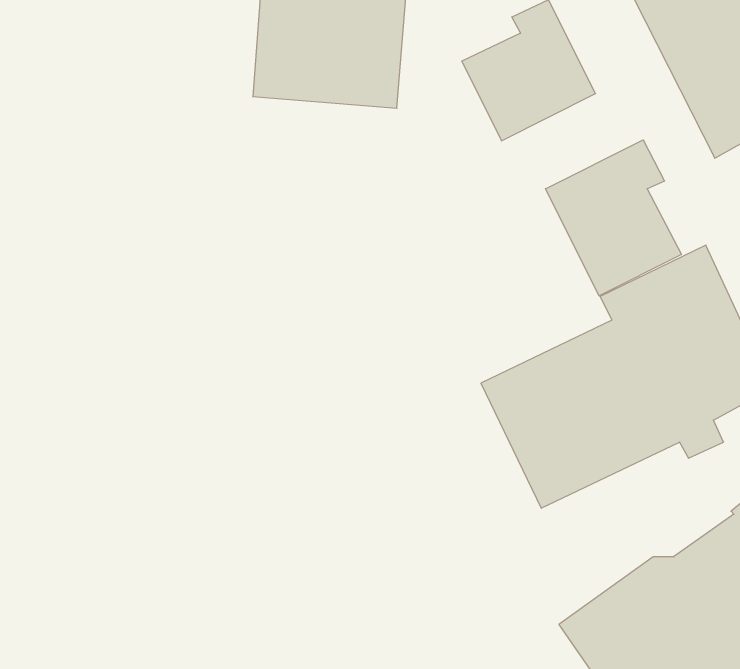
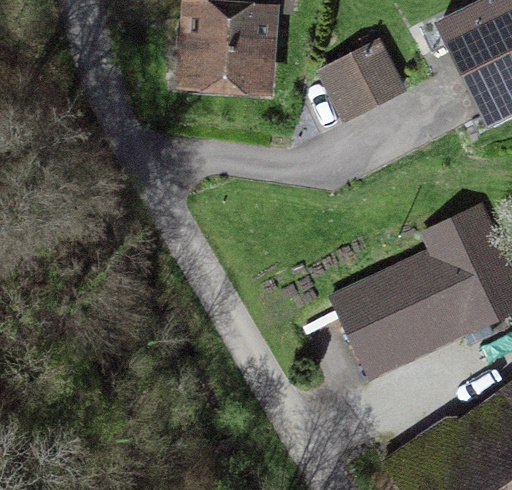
building: [545,140,681,296] -> none

